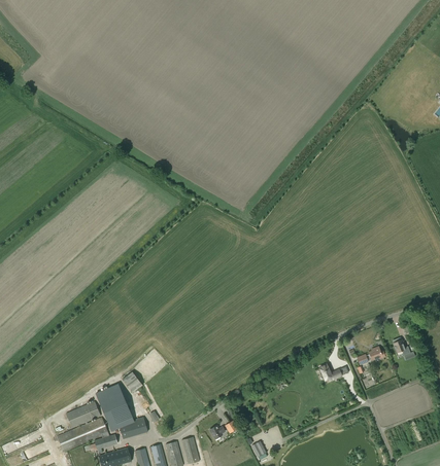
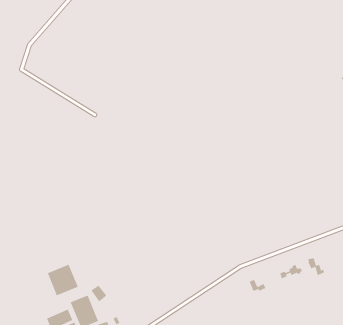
building: none -> [47,264,78,296]

